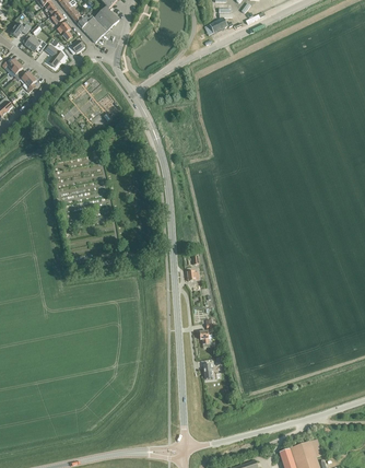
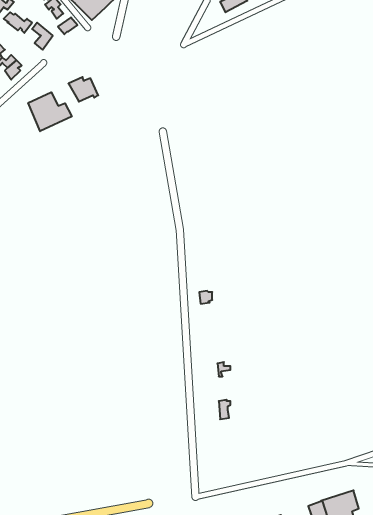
building: none -> [28,92,72,131]

